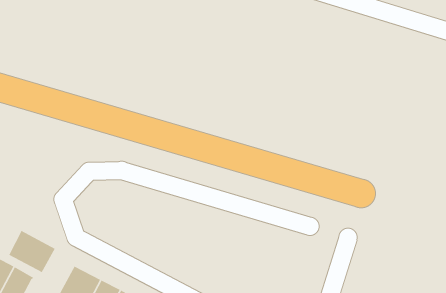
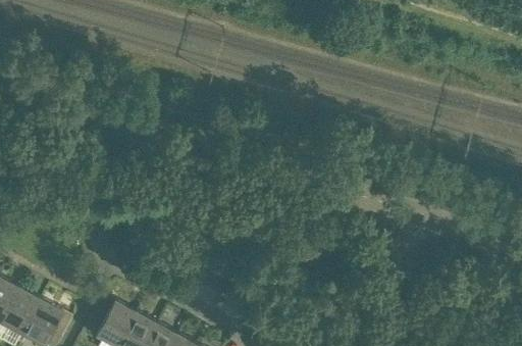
building: [8,230,56,273] -> none

